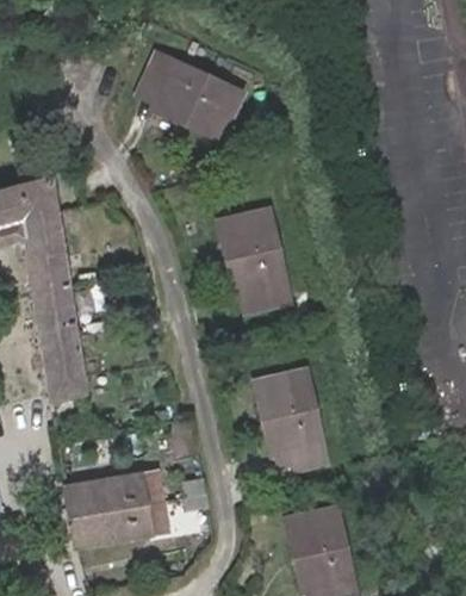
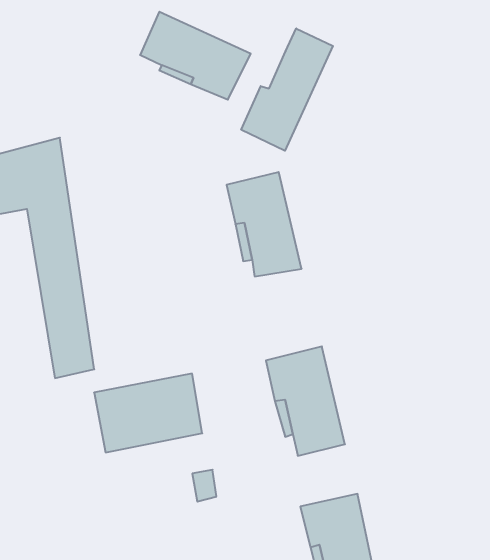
building: none -> [241,28,333,151]
building: [63,474,164,548] -> [94,374,202,452]

